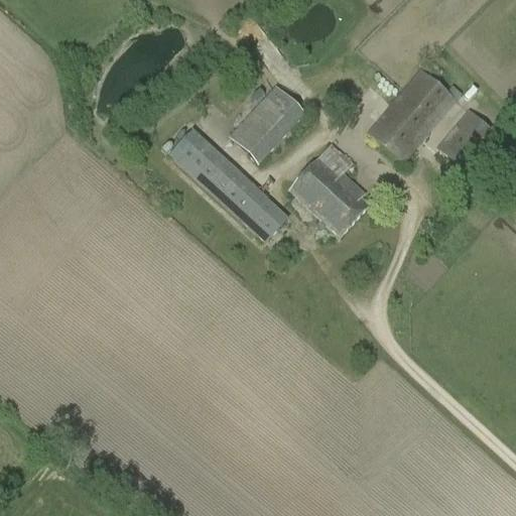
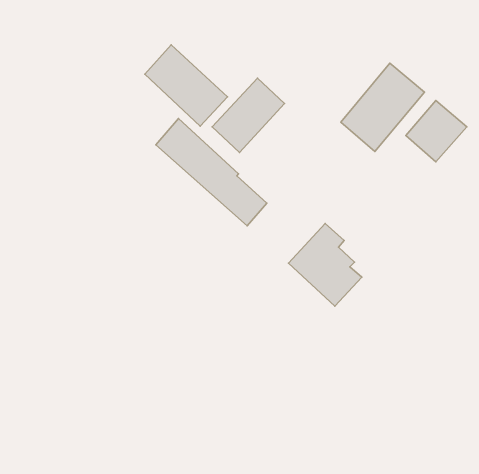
building: none -> [145,45,227,126]
building: [290,146,369,235] -> [289,224,362,306]

